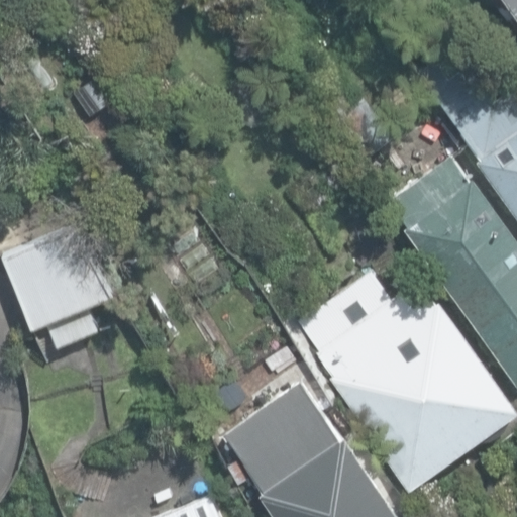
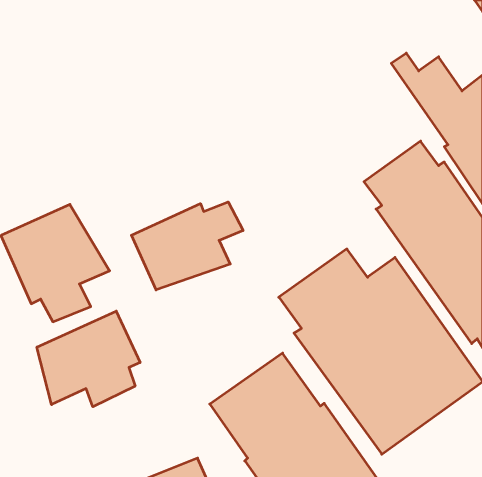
building: none -> [131,202,243,290]
building: none -> [37,311,140,407]

